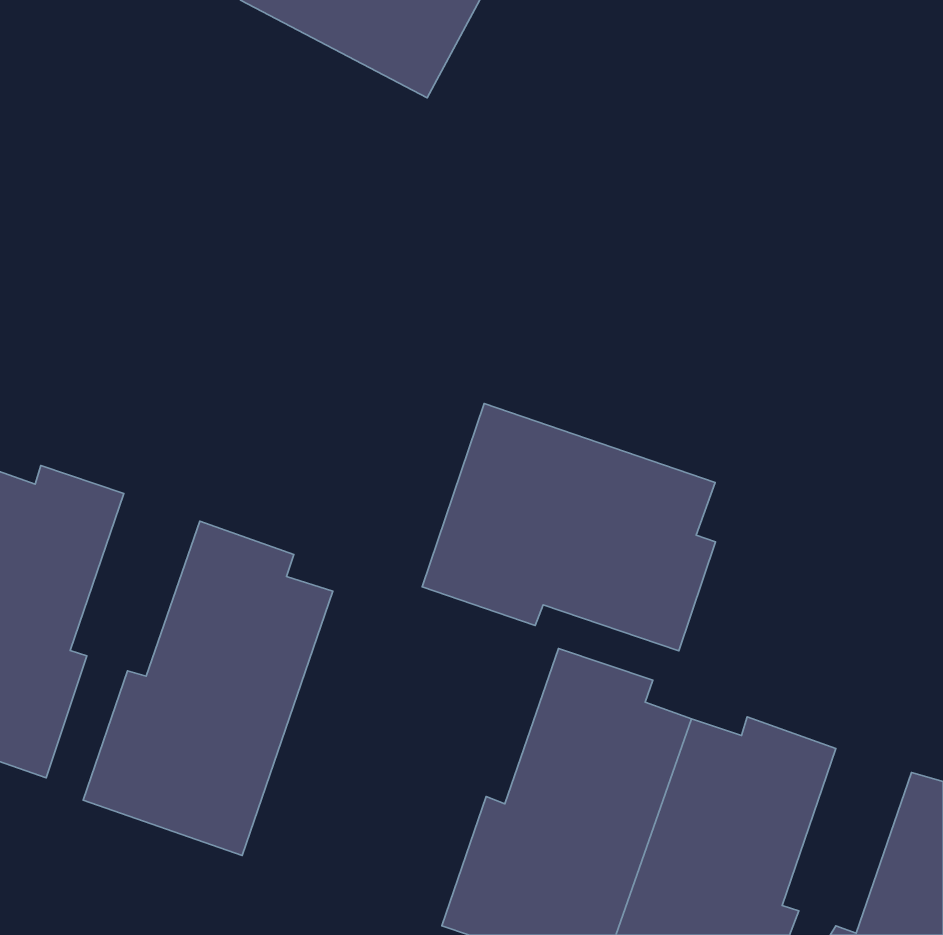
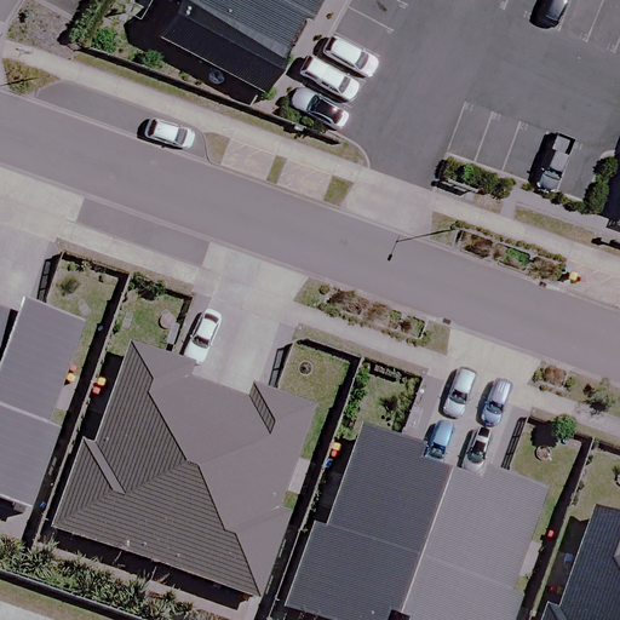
building: [422,403,716,651] -> none
building: none -> [159,388,314,595]

